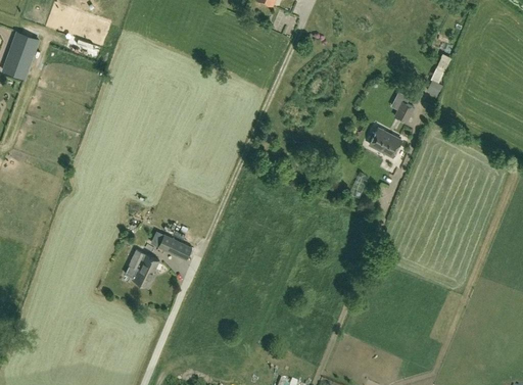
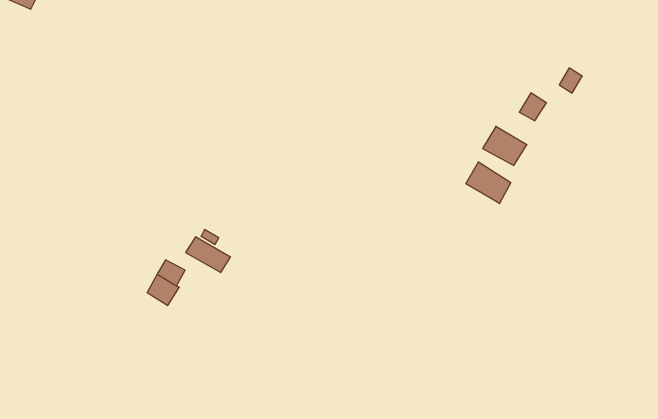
building: none -> [466,162,511,204]

